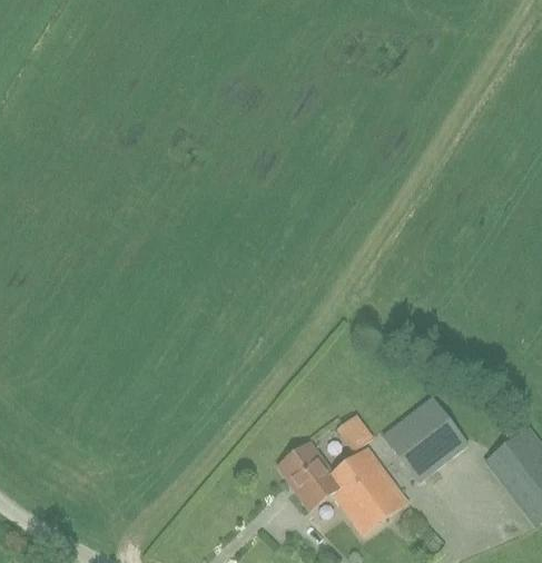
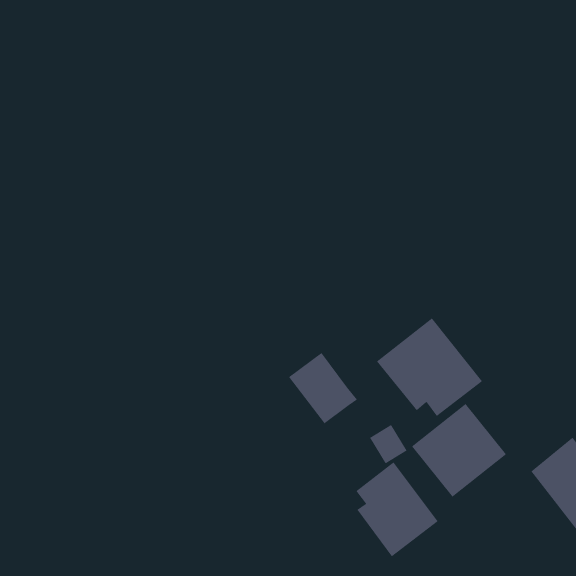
building: none -> [376,318,483,417]
building: [278,444,341,508] -> [288,352,358,424]

